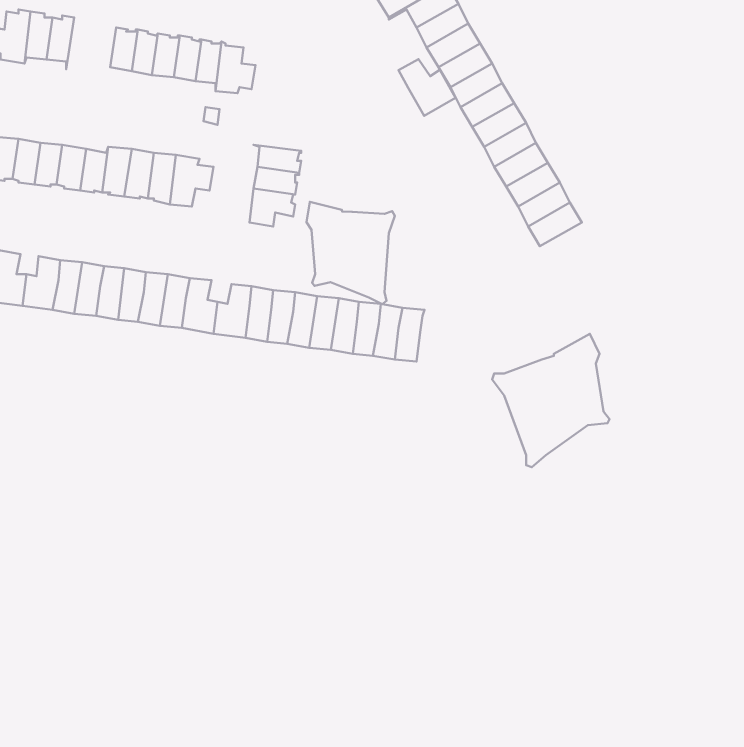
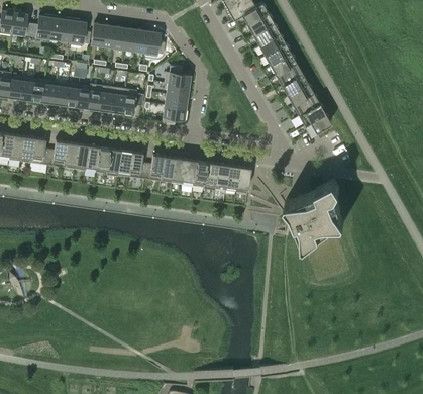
building: none -> [70,19,91,47]
building: [399,59,456,116] -> none
building: none -> [165,67,190,87]
building: [306,202,395,304] -> none

